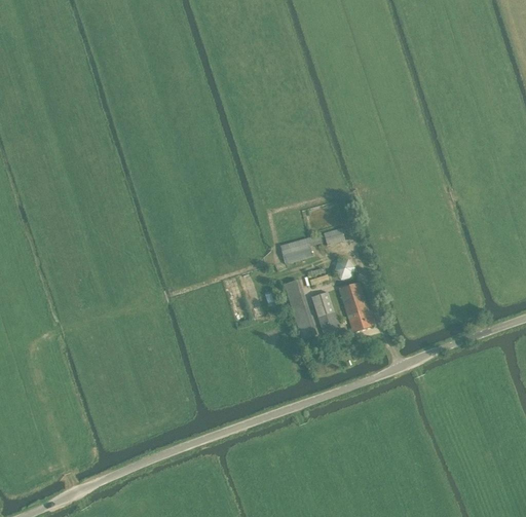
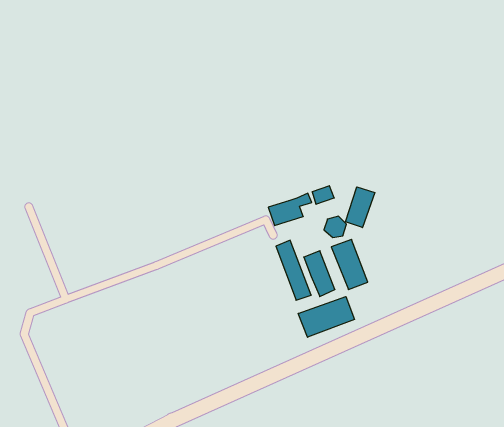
building: none -> [345,187,375,228]
building: none -> [298,297,354,337]

